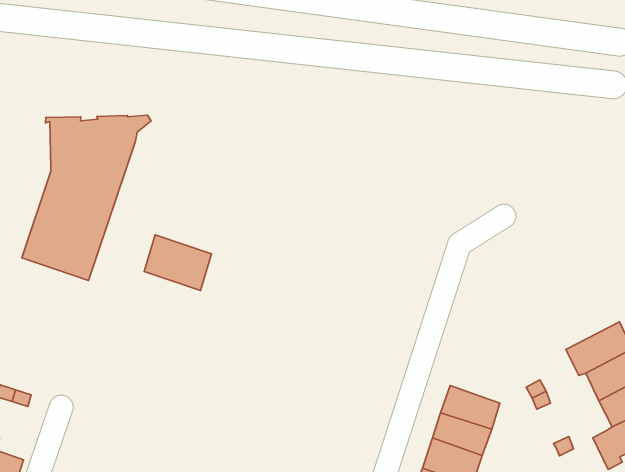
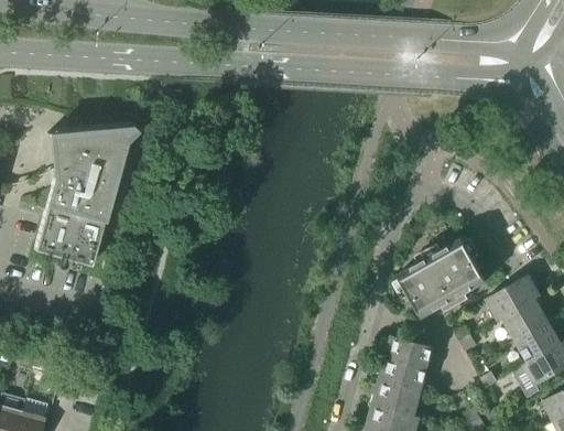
building: [144,235,211,291] -> none
building: none -> [399,238,487,317]

